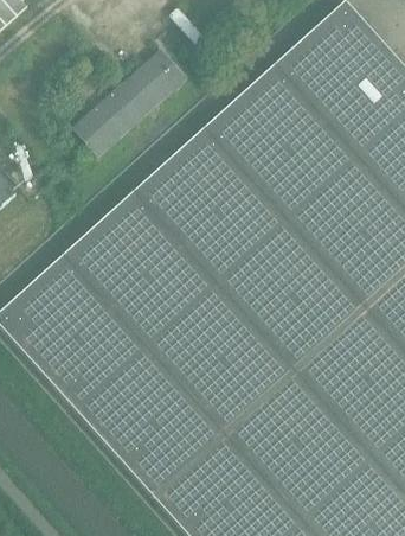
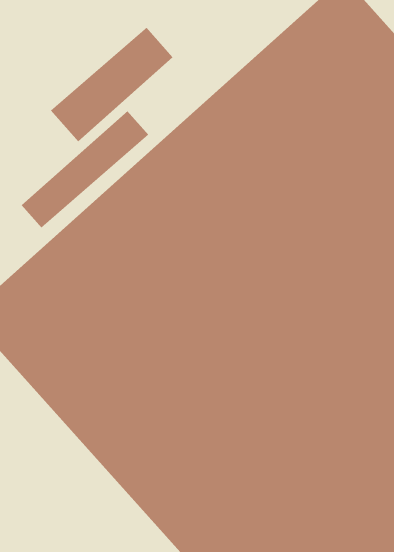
building: none -> [21,110,149,228]

